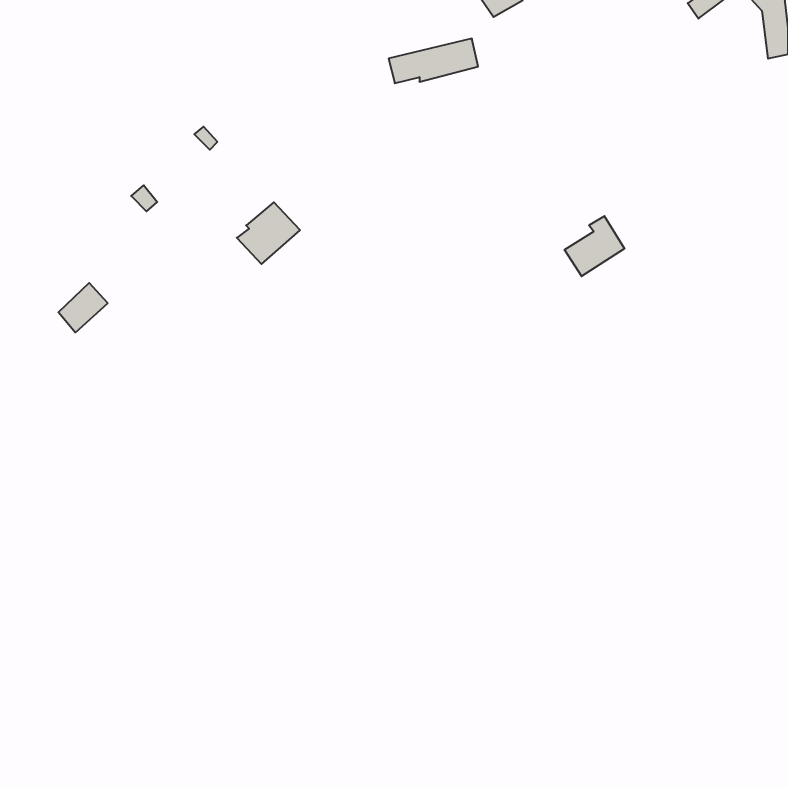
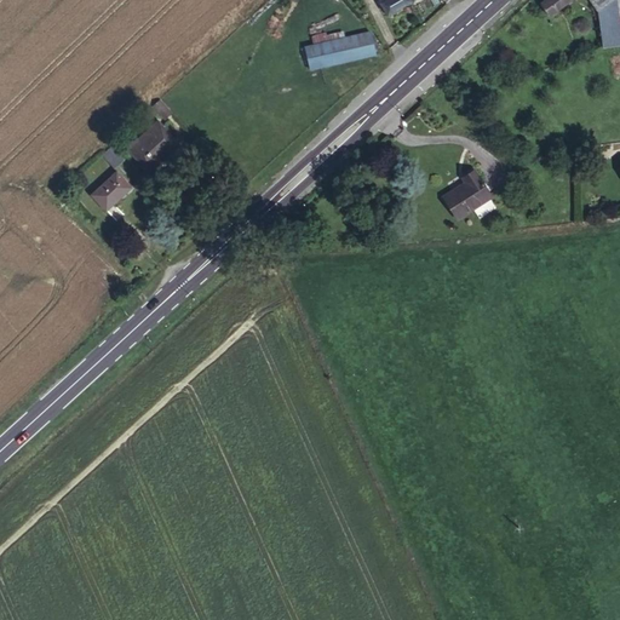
building: [237,202,300,264] -> [130,121,179,170]
building: [58,283,108,332] -> [92,171,131,209]

